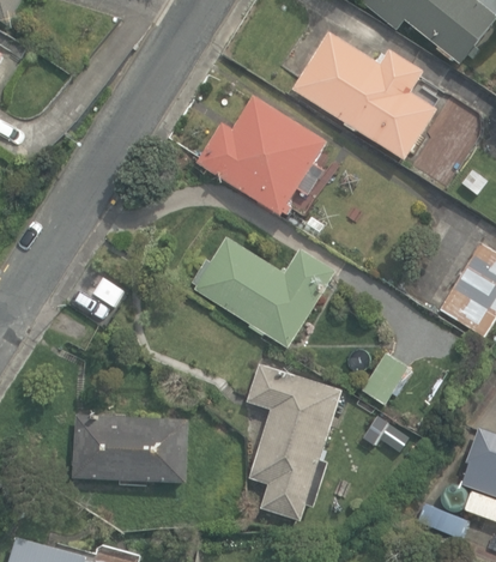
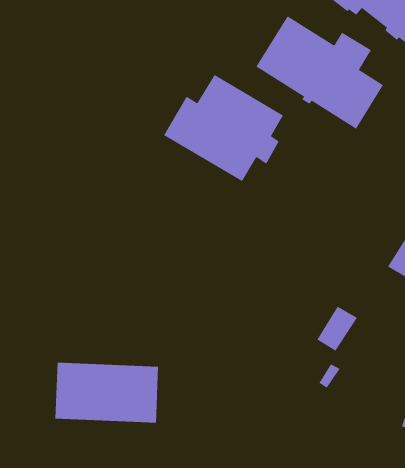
building: [192,237,334,346] -> none
building: [247,364,340,519] -> none

